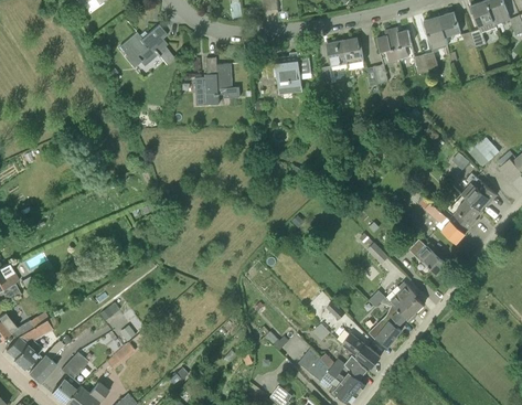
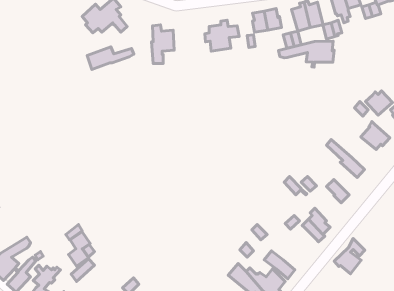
building: none -> [279,41,334,67]
building: none -> [87,47,134,69]
building: [446,194,481,233] -> none
building: [369,303,406,347] -> [334,239,365,274]

